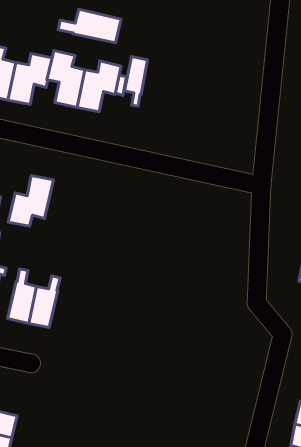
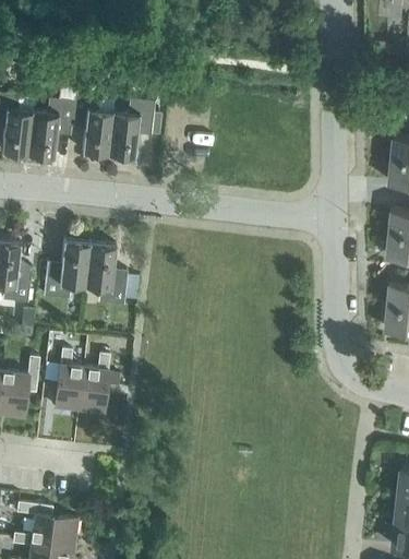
building: [58,9,121,43] -> none
building: [124,56,147,106] -> none
building: none -> [84,242,127,306]

